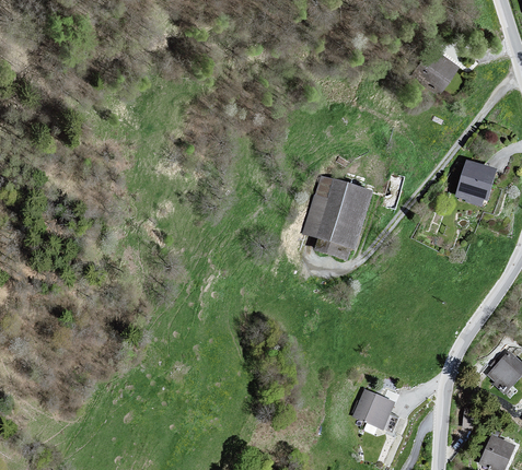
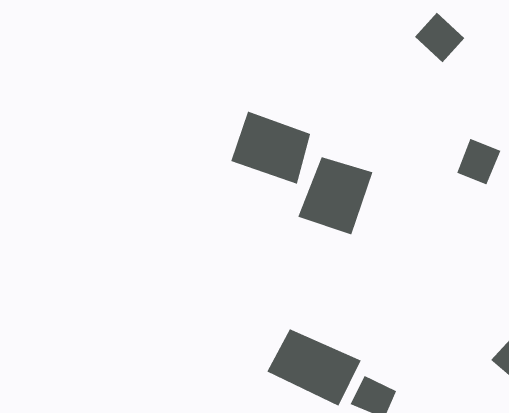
building: none -> [230,111,311,185]
building: none -> [266,328,362,407]

